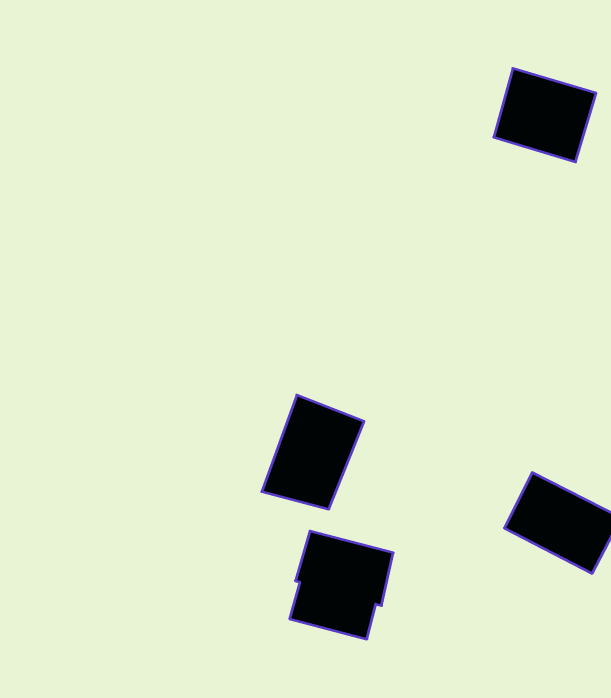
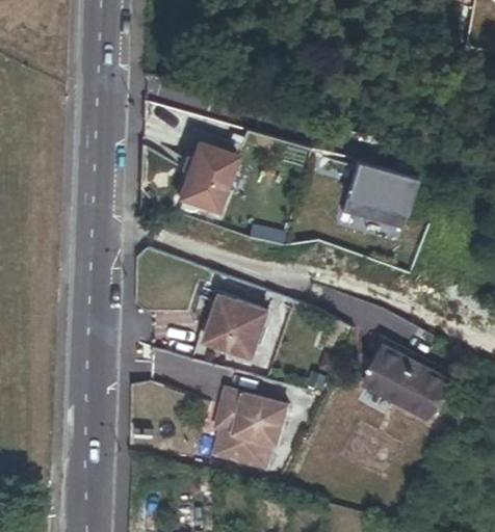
building: [494,68,596,162] -> [343,165,416,232]
building: none -> [183,135,241,213]

